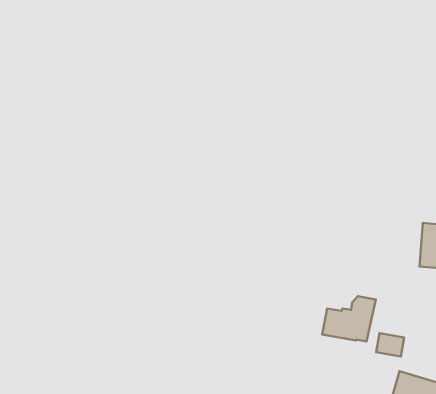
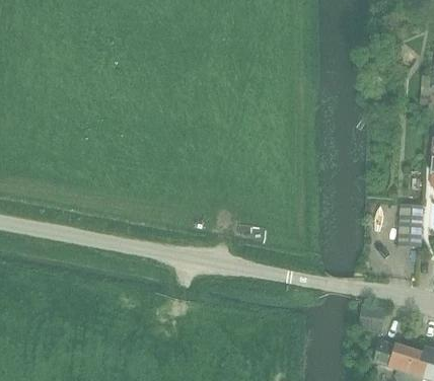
building: [322,296,376,342] -> none

